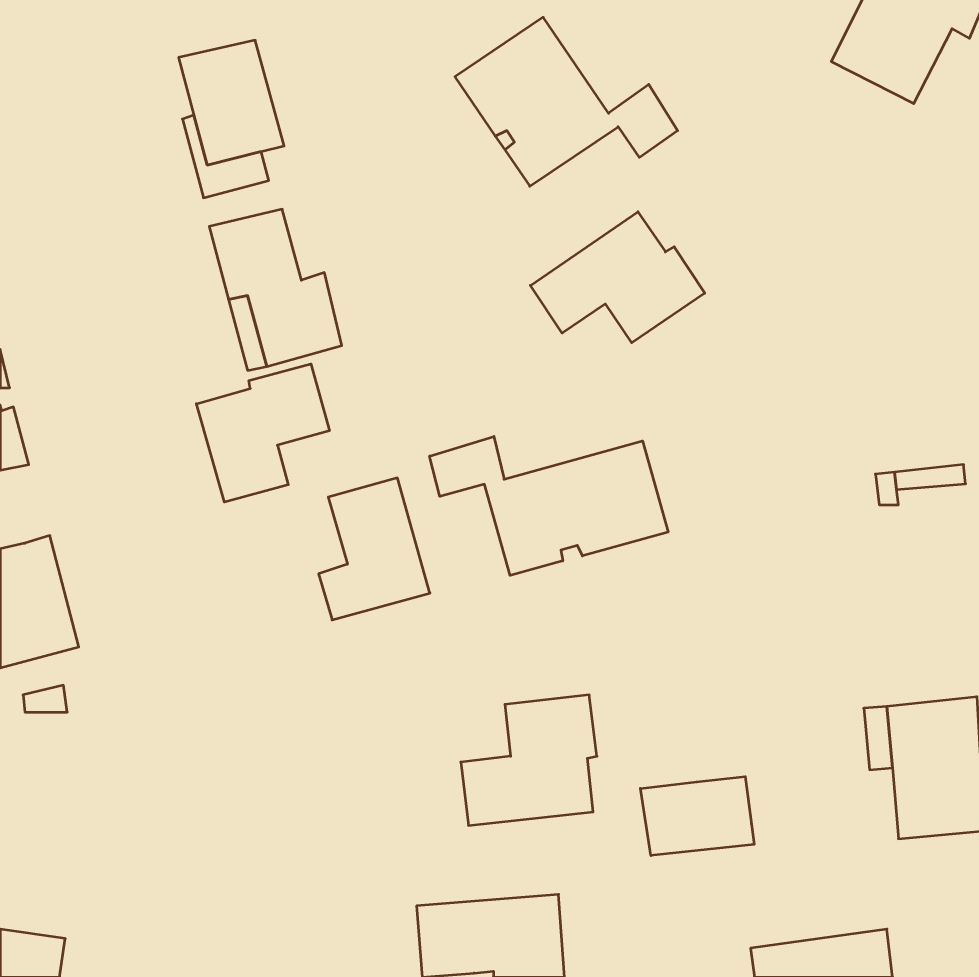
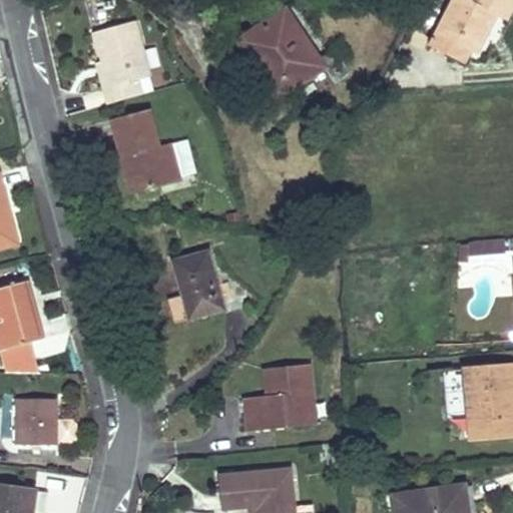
building: [530,212,705,343] -> none
building: [196,364,329,502] -> none
building: [430,436,668,575] -> none
building: none -> [15,398,58,444]
building: [640,777,754,856] -> none

